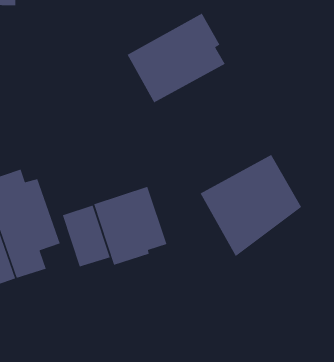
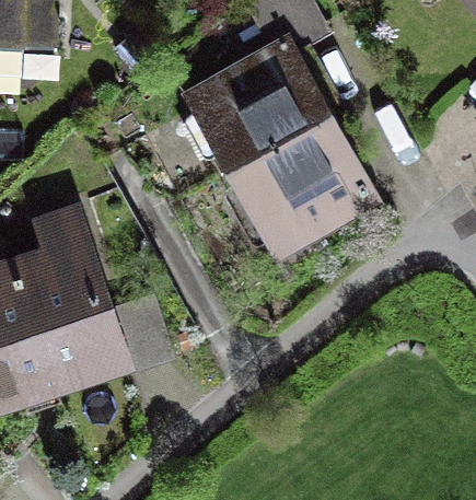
building: [199,154,302,257] -> [227,118,355,247]
building: [93,186,168,266] -> none

